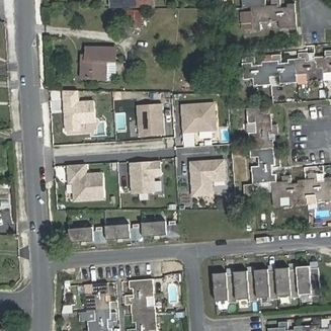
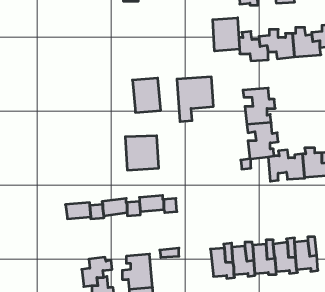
building: none -> [213,18,240,51]
building: [81,47,114,78] -> none
building: [64,92,95,132] -> none
building: [187,158,225,196] -> none
building: [64,162,101,197] -> none

